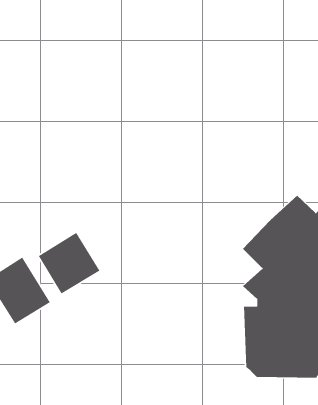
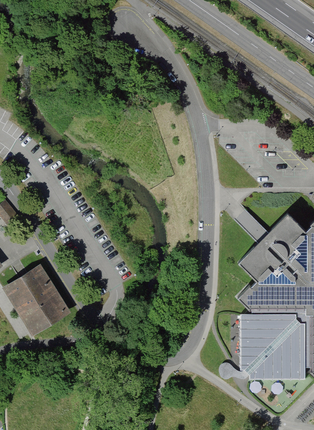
building: [38,232,101,295] -> none

